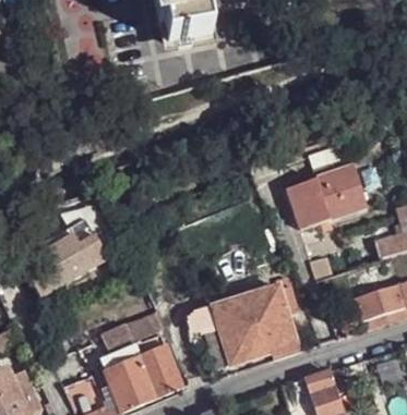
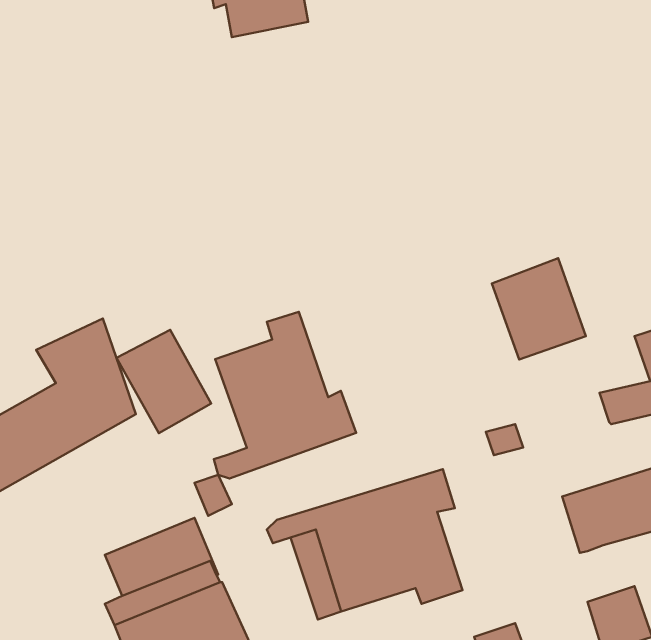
building: [285,179,331,232] -> none
building: none -> [214,312,356,478]
building: none -> [116,330,211,433]

